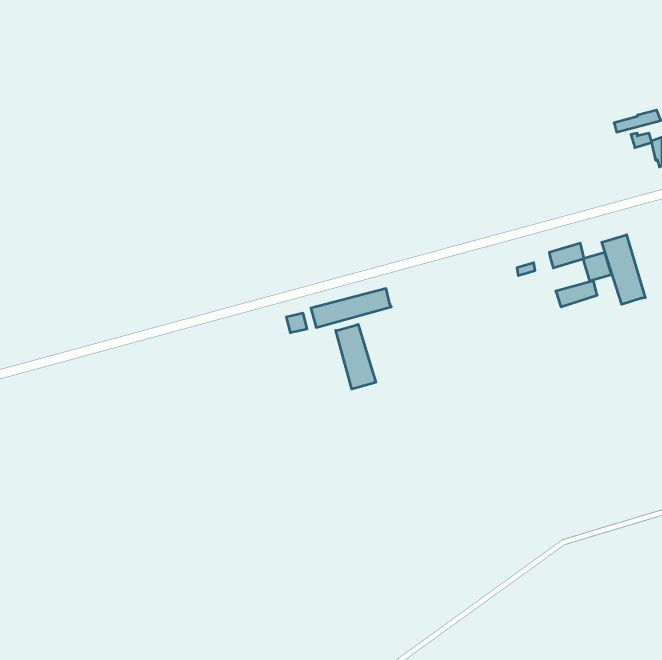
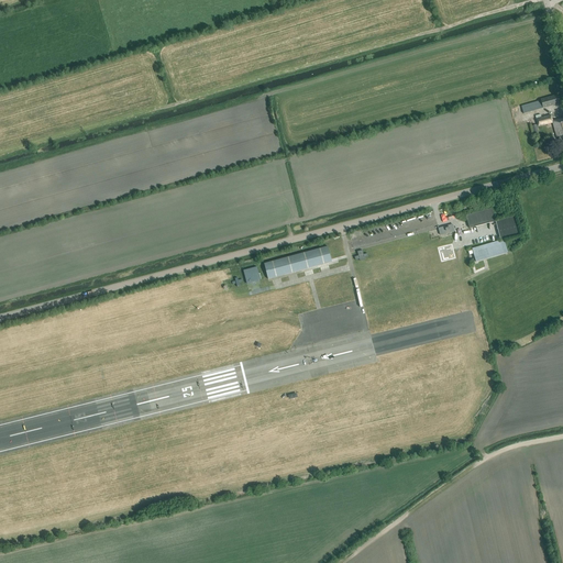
building: [602,235,645,304] -> none
building: [336,324,376,389] -> none

